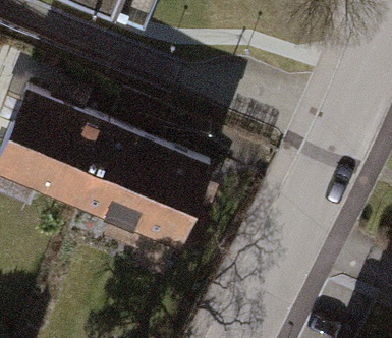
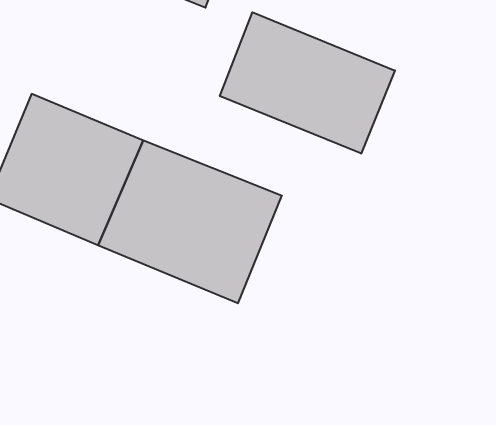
building: none -> [220,12,395,154]

